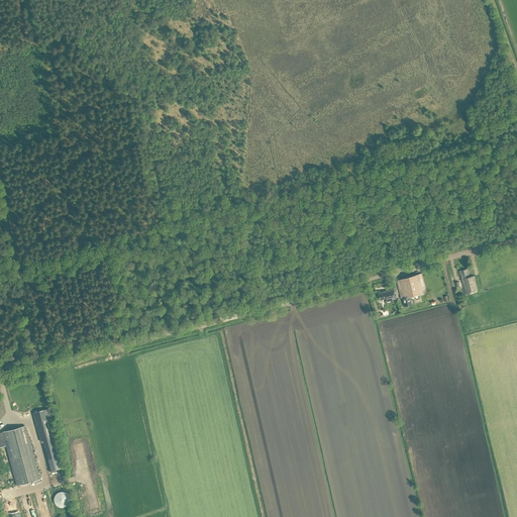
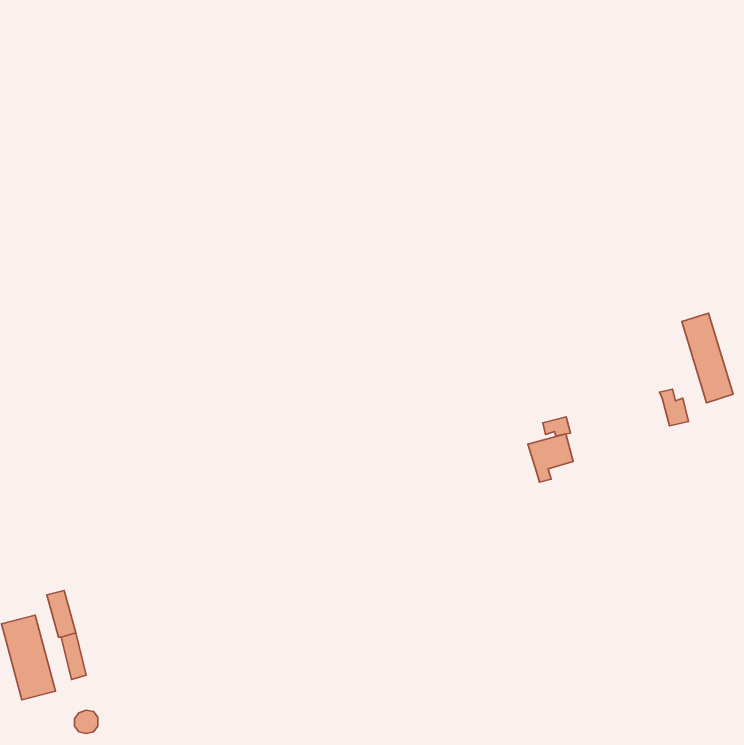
building: none -> [682,313,733,403]
building: [394,274,425,307] -> [528,434,573,482]

